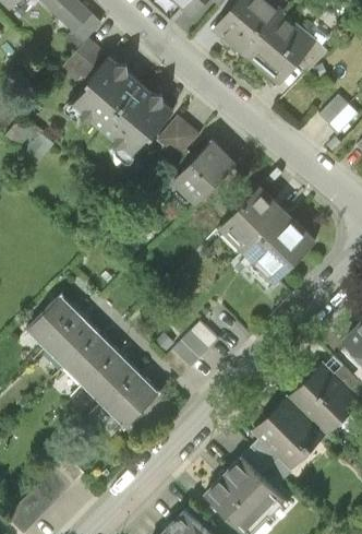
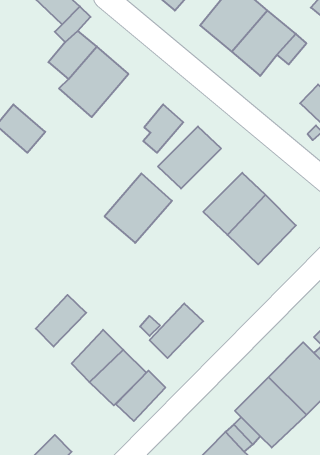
building: [104,84,173,156] -> [105,173,172,243]
building: [26,295,79,348] -> none
building: [64,332,116,384] -> [116,371,165,421]

